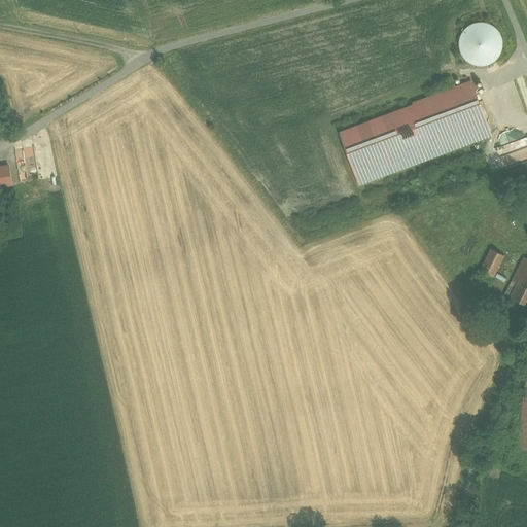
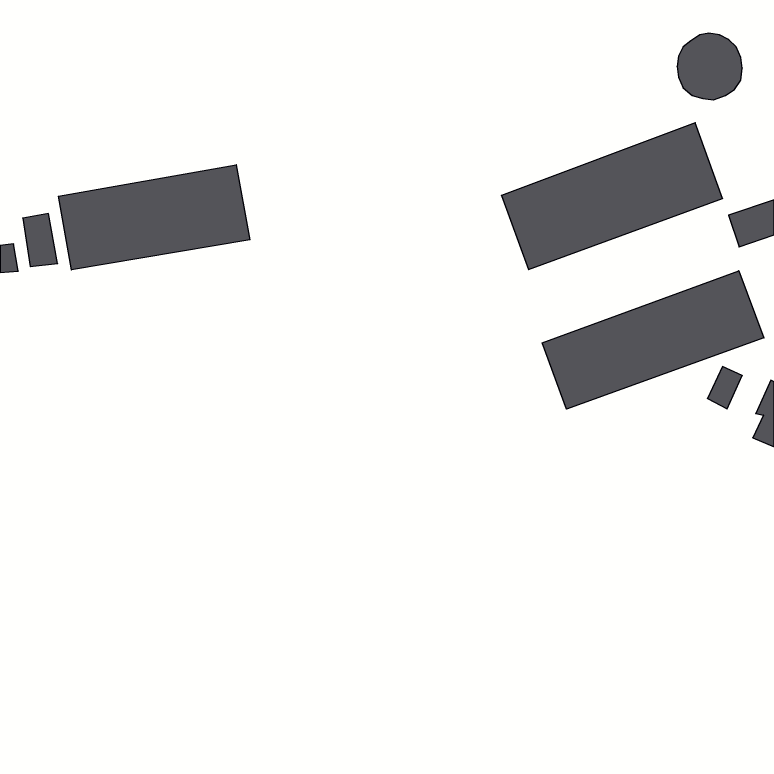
building: none -> [58,165,250,270]
building: none -> [542,271,764,409]

